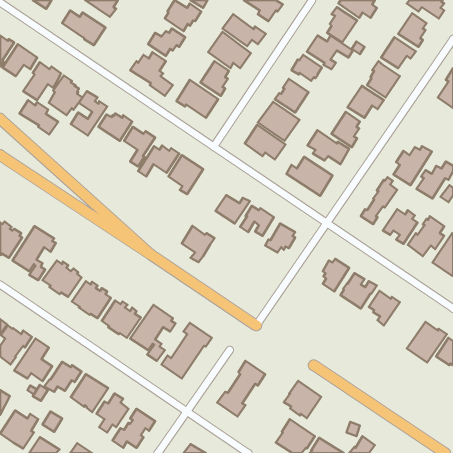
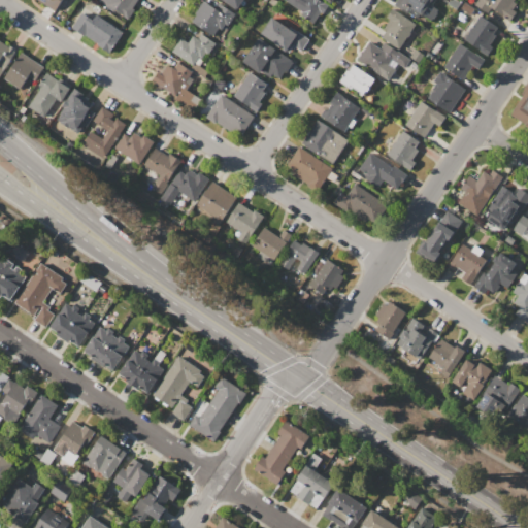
building: [20,100,58,134] -> none
building: [182,226,215,262] -> [226,201,264,243]
building: none -> [452,359,492,399]
building: [284,381,321,418] -> [290,465,333,508]

